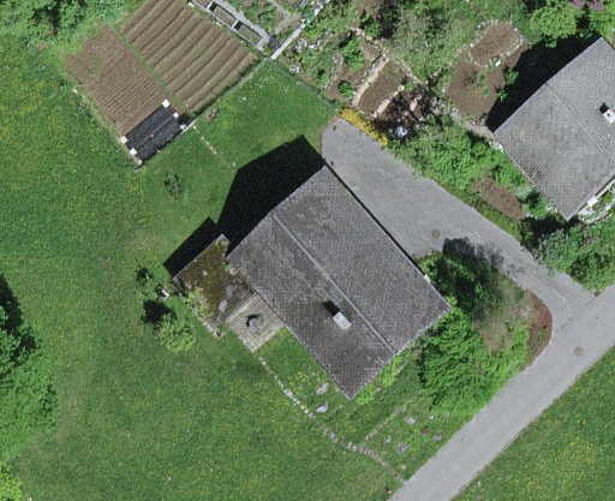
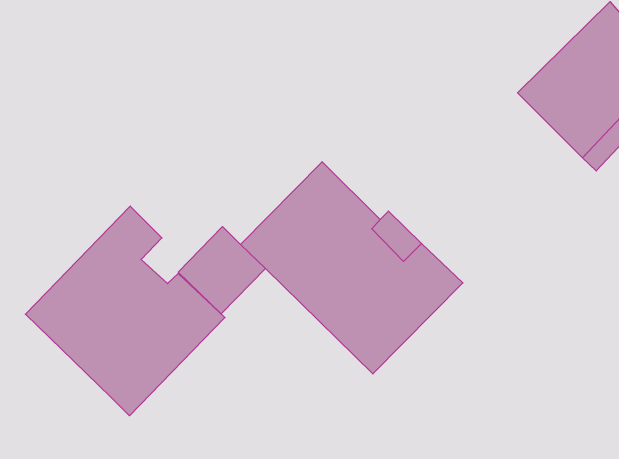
building: none -> [25,206,225,416]

